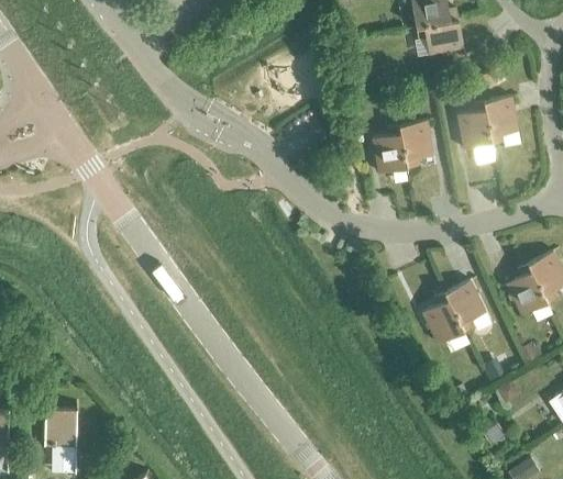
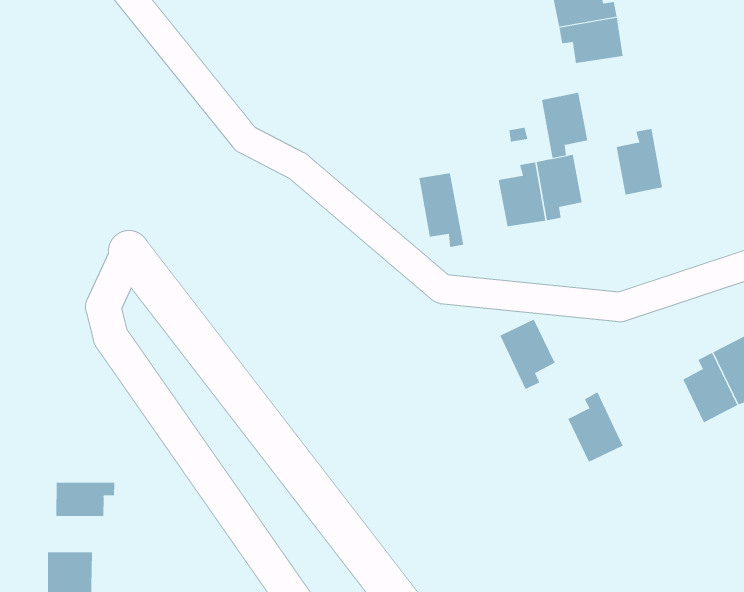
building: [484,97,518,145] -> [541,92,588,159]
building: none -> [419,173,464,248]
building: [444,281,485,333] -> [499,319,555,390]
building: none -> [56,482,115,517]

